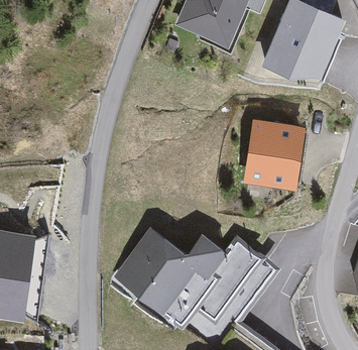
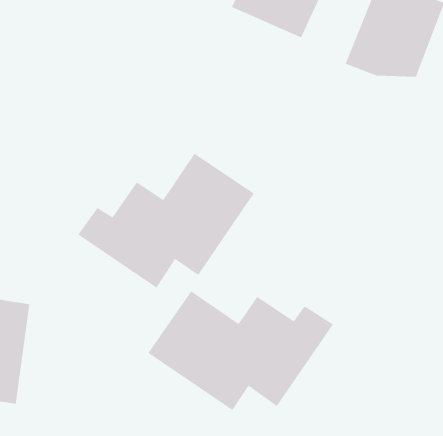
building: [251,126,311,189] -> none
building: none -> [77,153,255,288]

